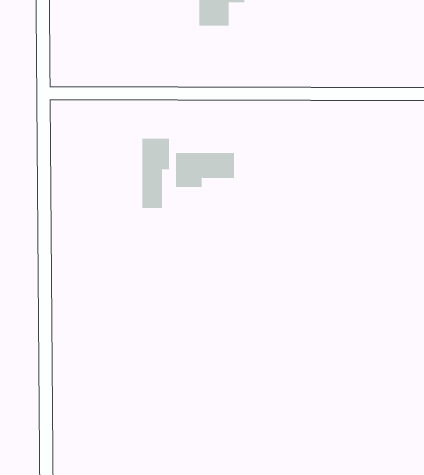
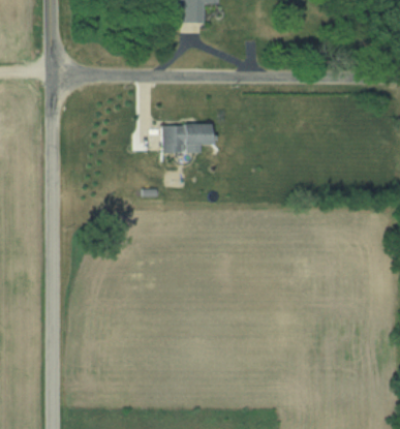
building: [142,138,170,209] -> none

